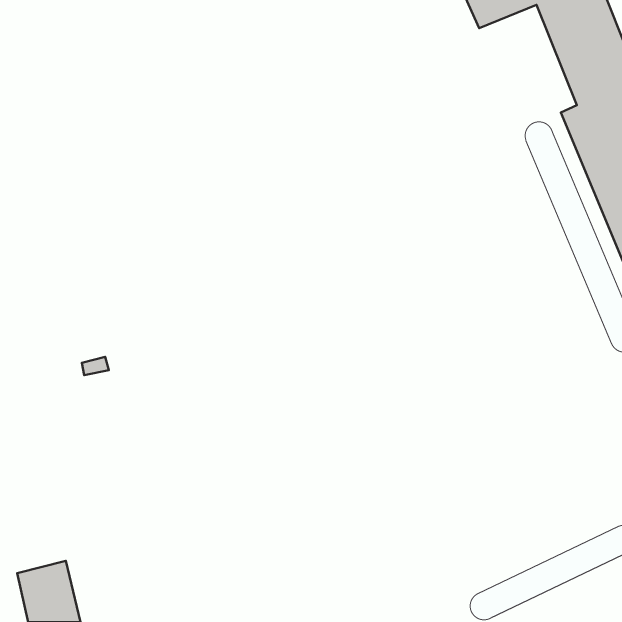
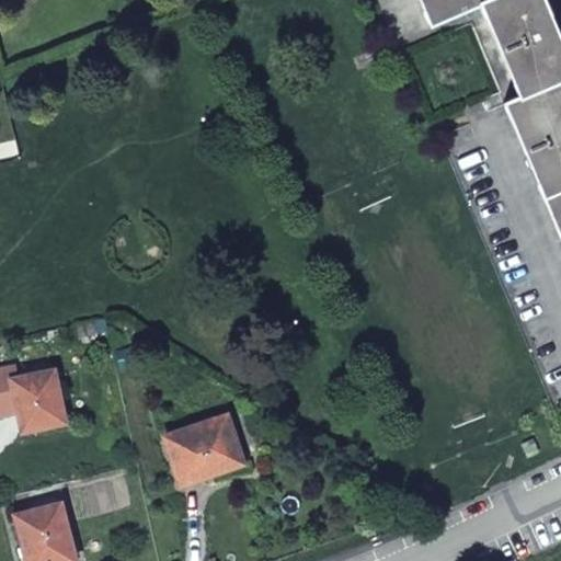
building: none -> [13,369,66,430]
building: none -> [167,415,243,483]

